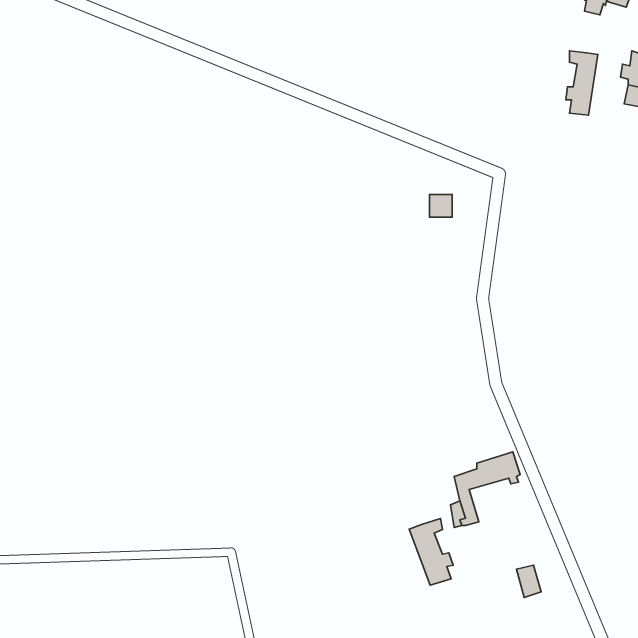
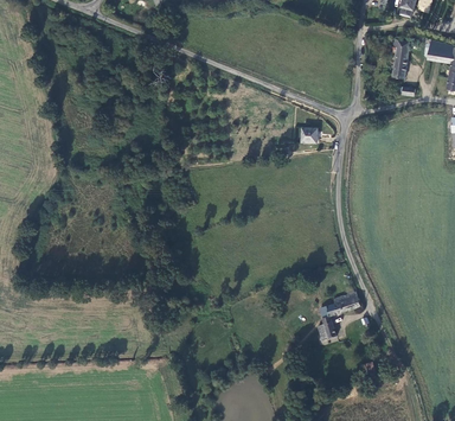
building: [409,519,453,585] -> none

